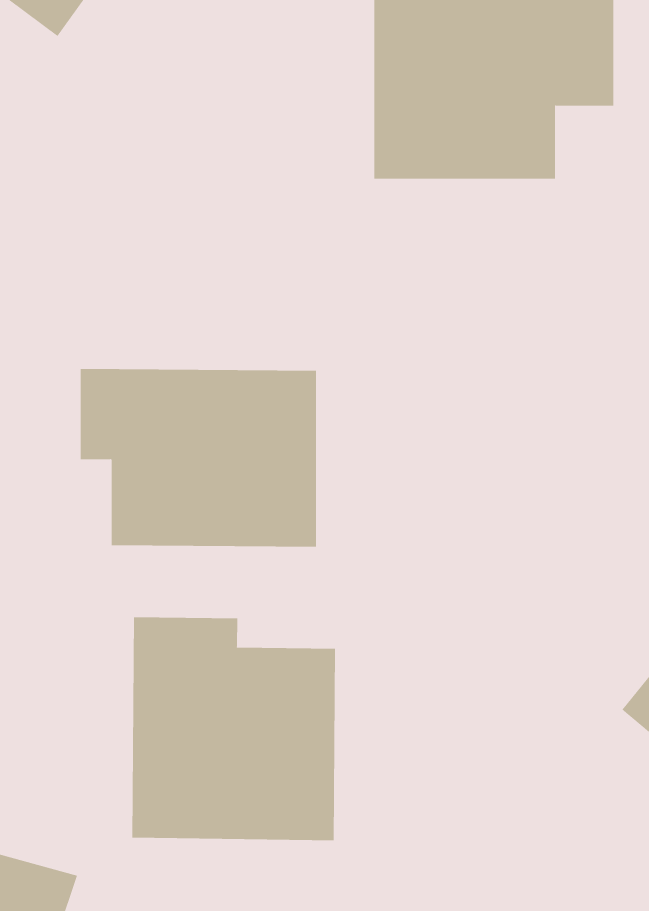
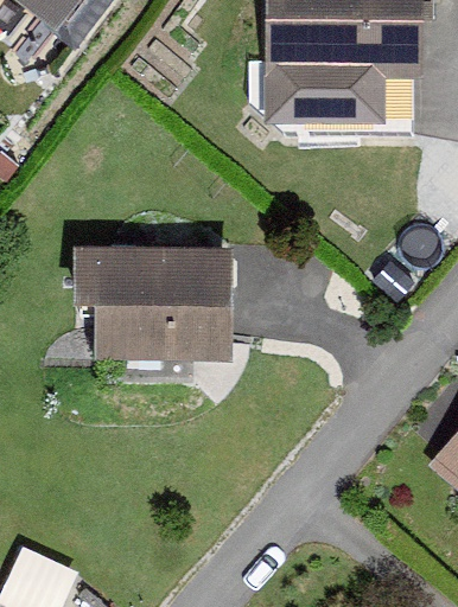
building: [132,616,335,841] -> none

